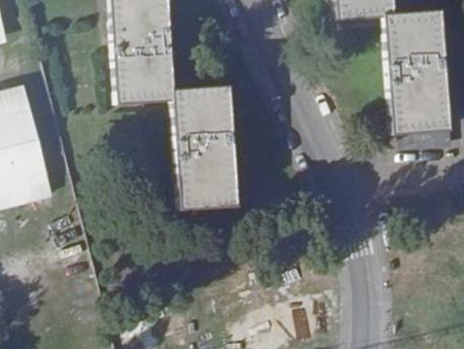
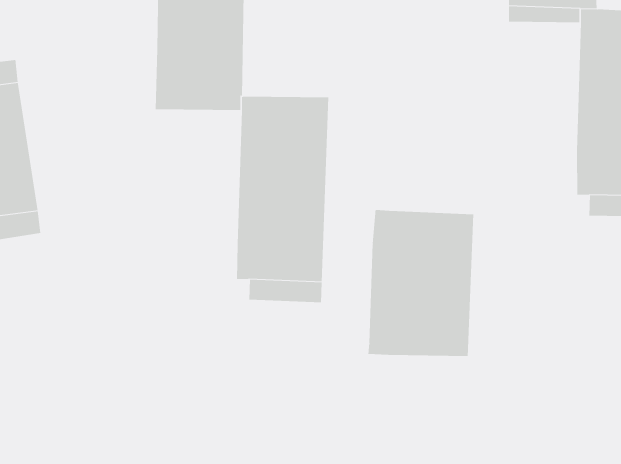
building: none -> [368,209,474,357]

